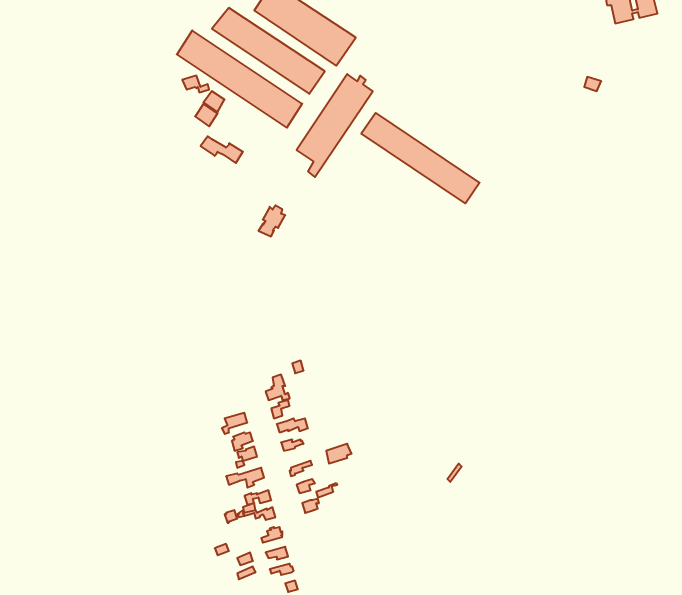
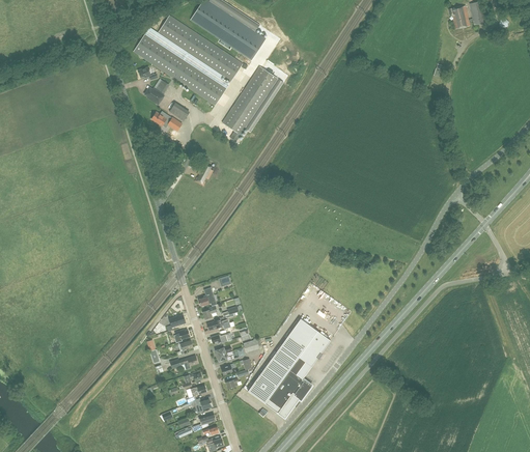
building: [361,113,480,203] -> none
building: none -> [248,318,331,419]

